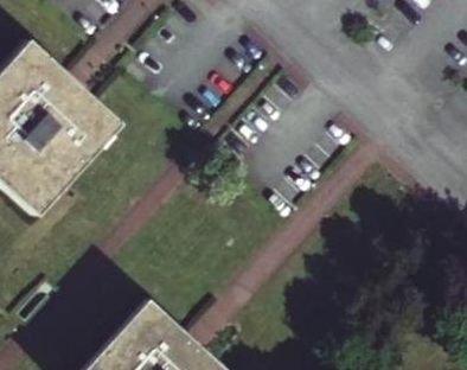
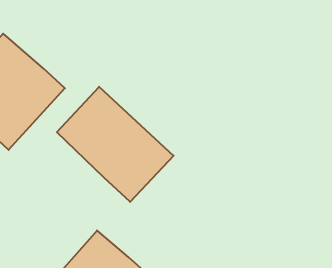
building: none -> [57,87,174,202]

